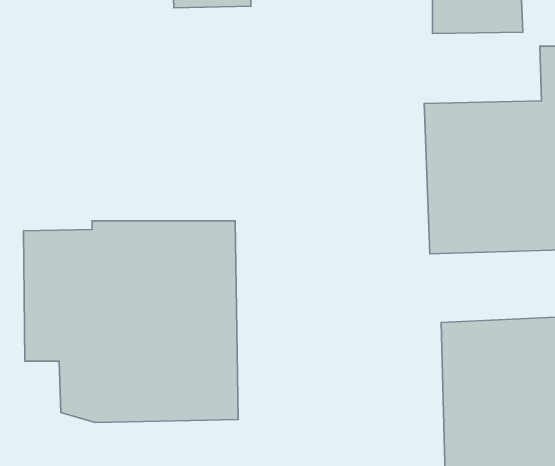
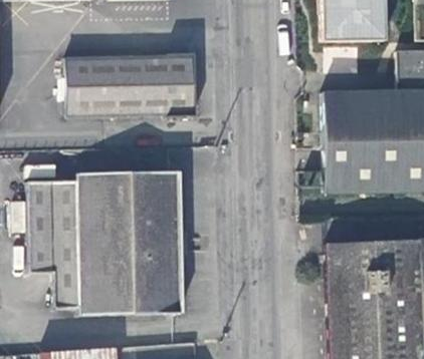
building: none -> [70,52,206,121]

